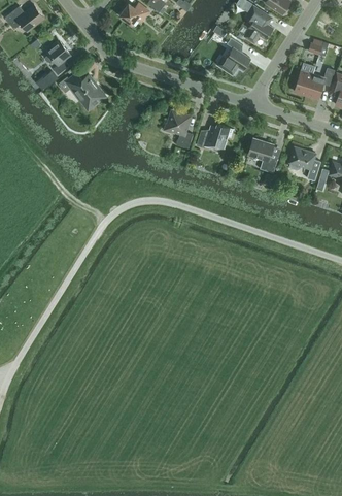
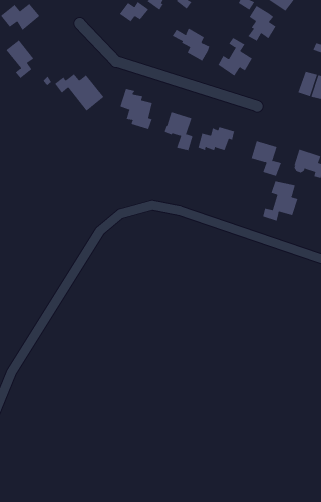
building: none -> [172,28,210,61]
building: [43,36,71,74] -> [5,39,34,79]
building: none -> [120,88,152,130]
building: none -> [263,180,298,221]

